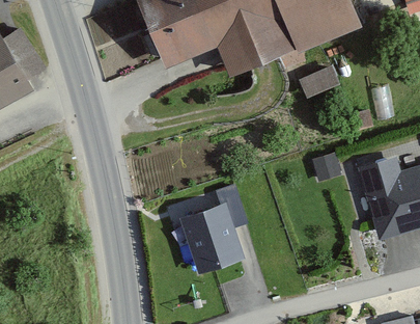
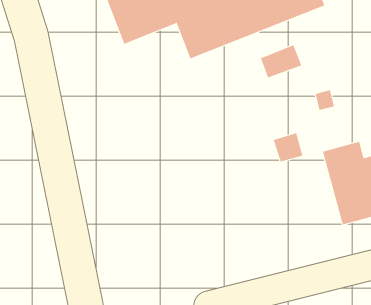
building: [178,201,243,272] -> none

